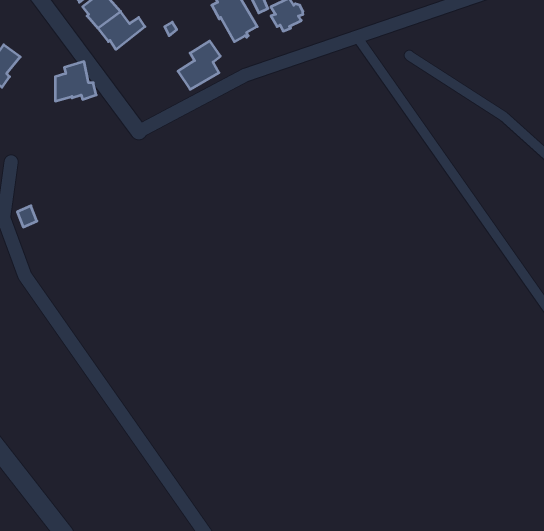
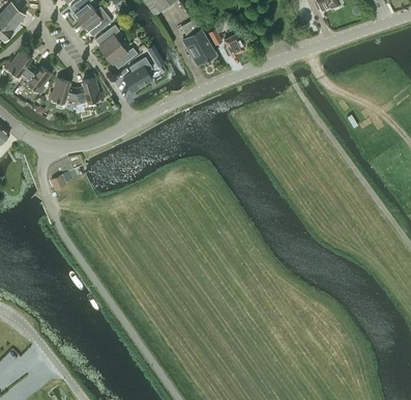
building: [178,41,220,89] -> [123,57,152,90]
building: none -> [49,77,77,108]

